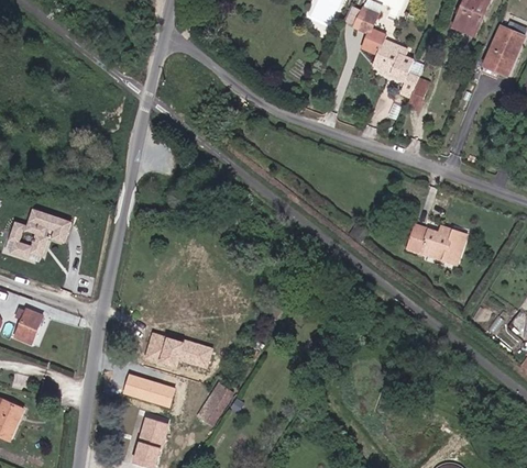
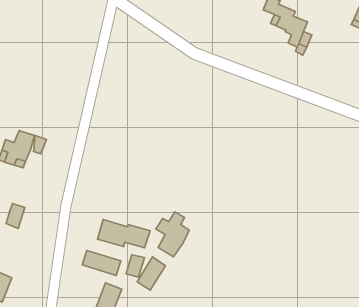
building: [402,226,455,261] -> none
building: none -> [156,212,189,257]
building: none -> [126,255,144,277]

